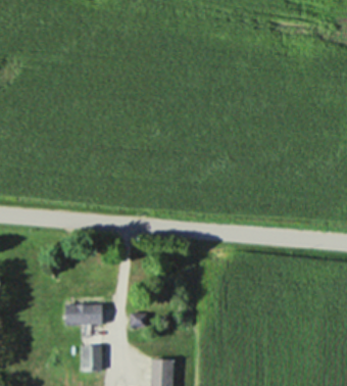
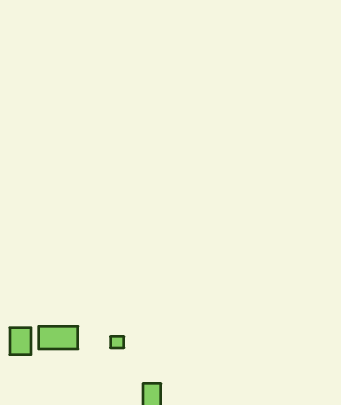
building: [81,346,100,371] -> [10,328,31,355]

